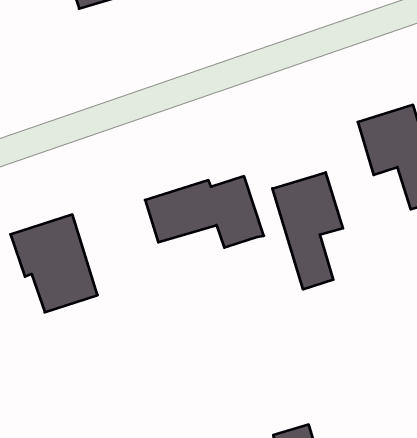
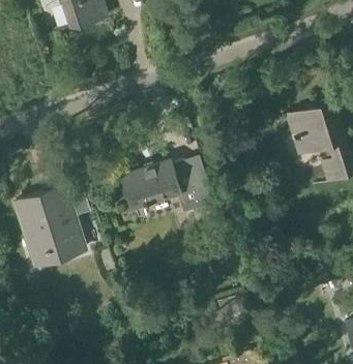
building: [272,172,343,289] -> none

